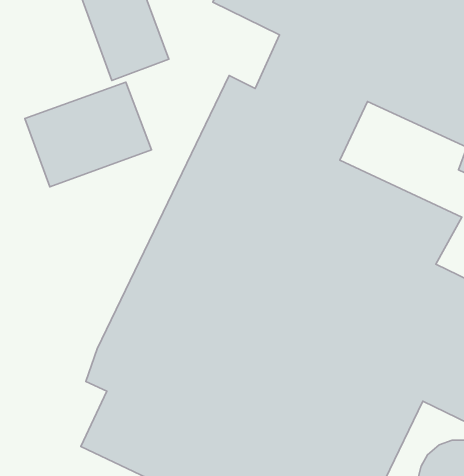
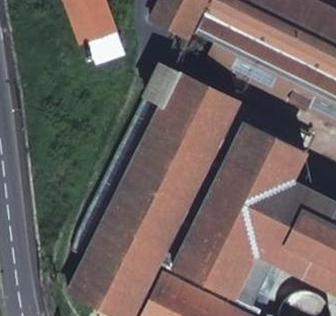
building: [25,82,151,187] -> none

